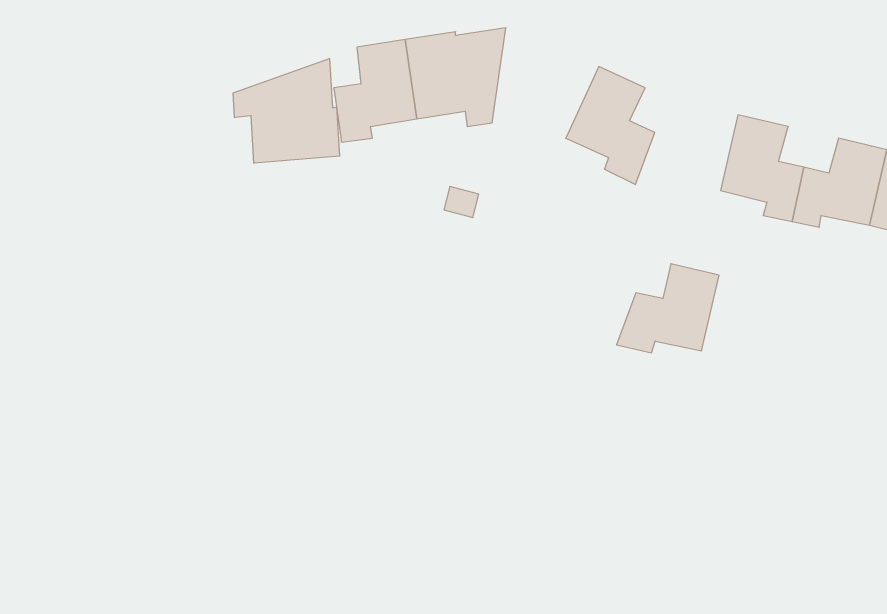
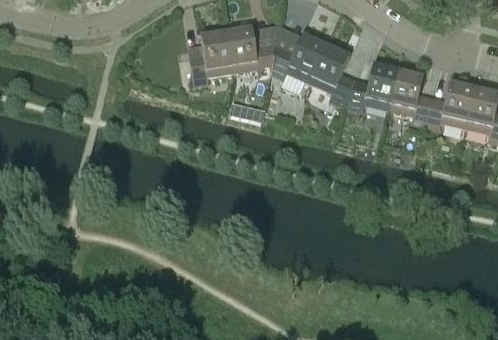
building: none -> [270,23,325,80]
building: [233,58,339,163] -> none
building: [617,264,719,353] -> [344,62,397,108]

